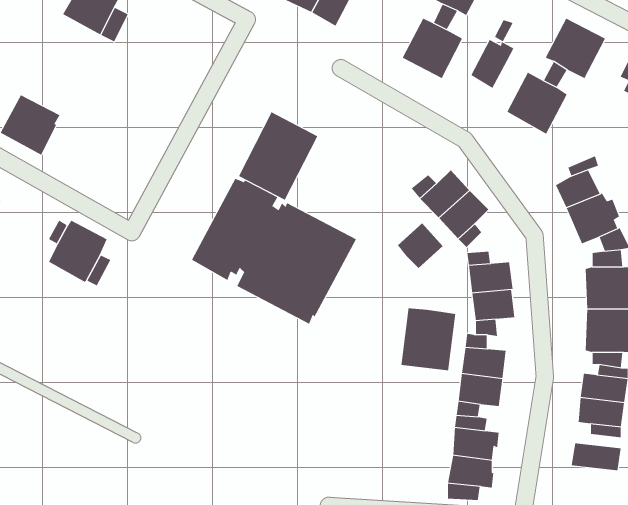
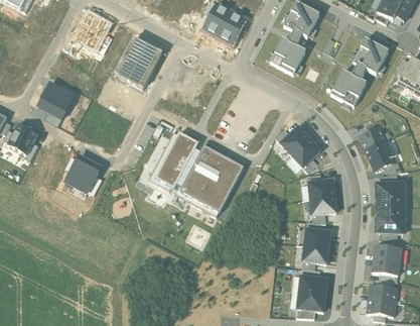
building: [471,39,514,89] -> none
building: [238,112,318,201] -> [115,36,161,88]
building: [397,223,444,269] -> none
building: [401,307,456,371] -> none
building: none -> [367,298,395,316]

